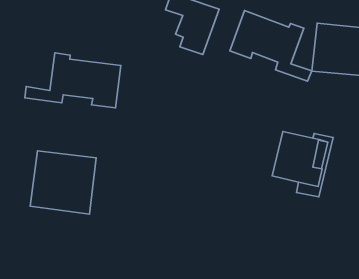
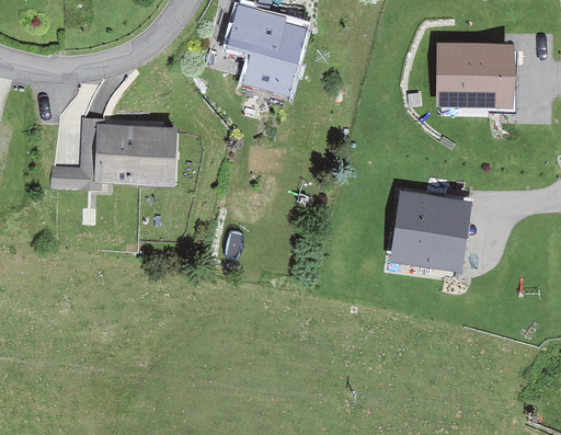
building: [230,11,312,81] -> none
building: [30,151,96,214] -> none

